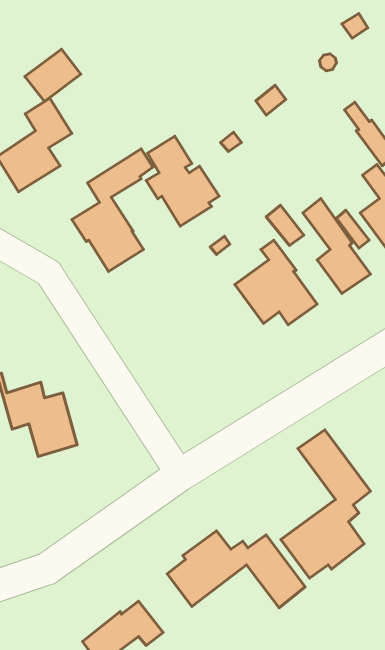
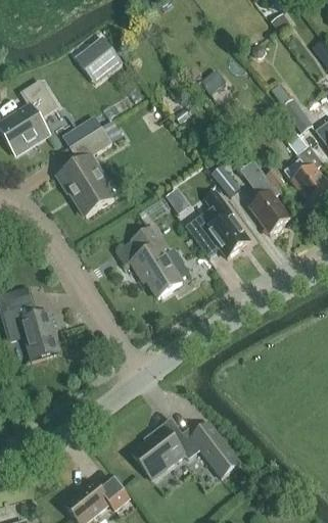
building: [25,49,81,101] -> [75,37,119,78]
building: [146,136,219,226] -> [131,226,188,296]
building: [281,430,371,578] -> none

